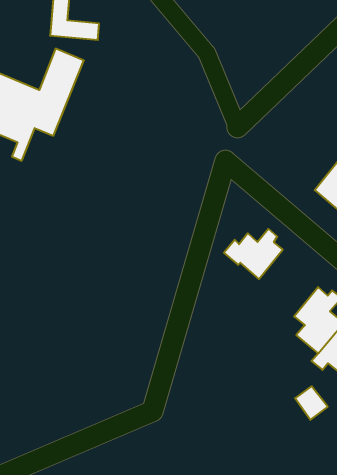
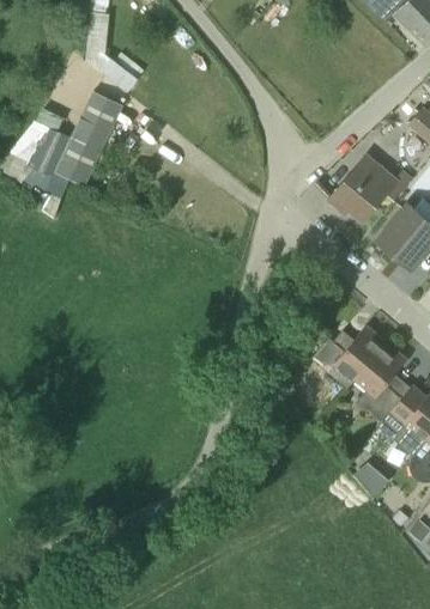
building: none -> [327,162,395,223]
building: [224,229,283,279] -> [316,325,381,380]

